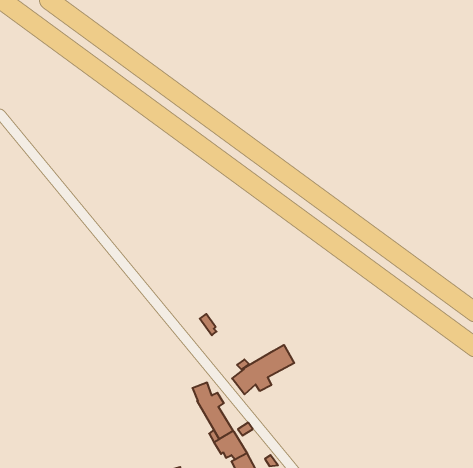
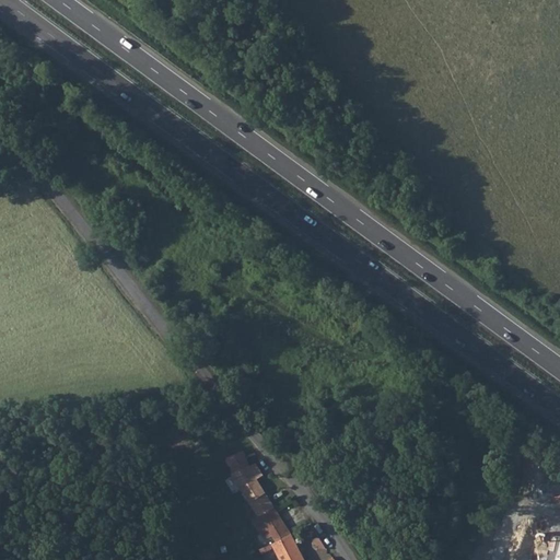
building: [232,345,294,394] -> none

